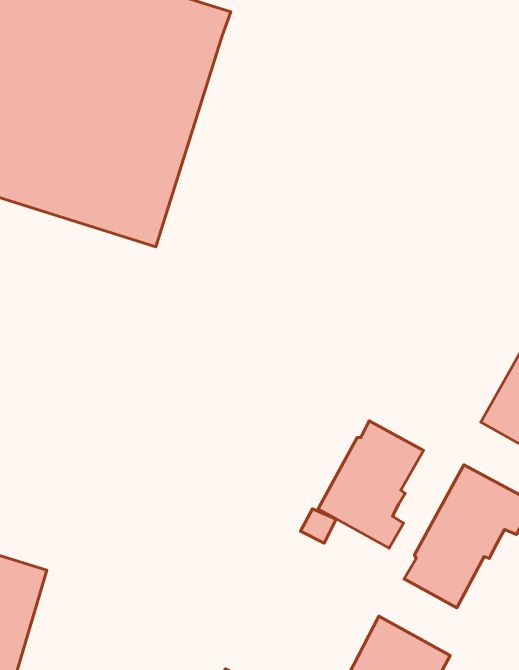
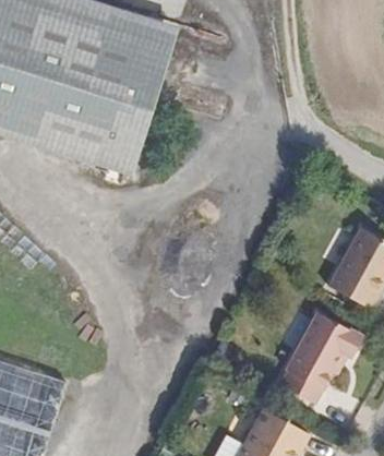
building: [318,421,423,548] -> none

